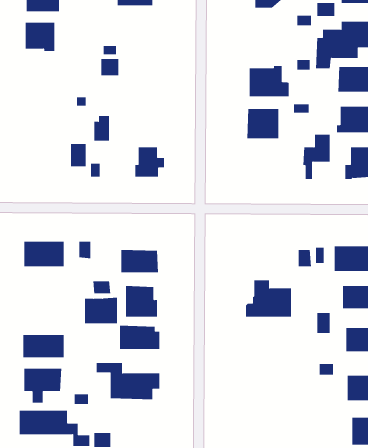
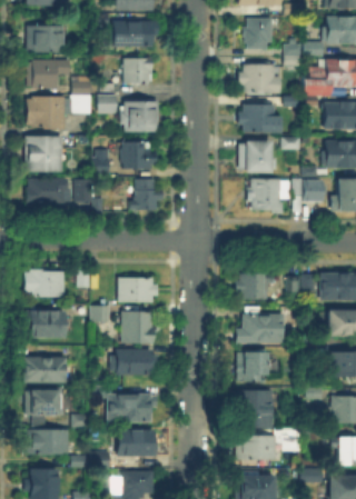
building: none -> [123,58,151,83]
building: none -> [239,64,278,92]
building: none -> [28,77,90,127]
building: none -> [121,102,157,131]
building: none -> [27,138,60,170]
building: none -> [122,143,155,167]
building: none -> [21,176,67,200]
building: none -> [249,180,289,211]
building: none -> [239,275,271,299]
building: [84,297,118,324] -> [31,310,63,336]
building: none -> [238,353,266,380]
building: none -> [236,392,271,426]
building: none -> [237,429,300,459]
building: none -> [118,431,154,455]

